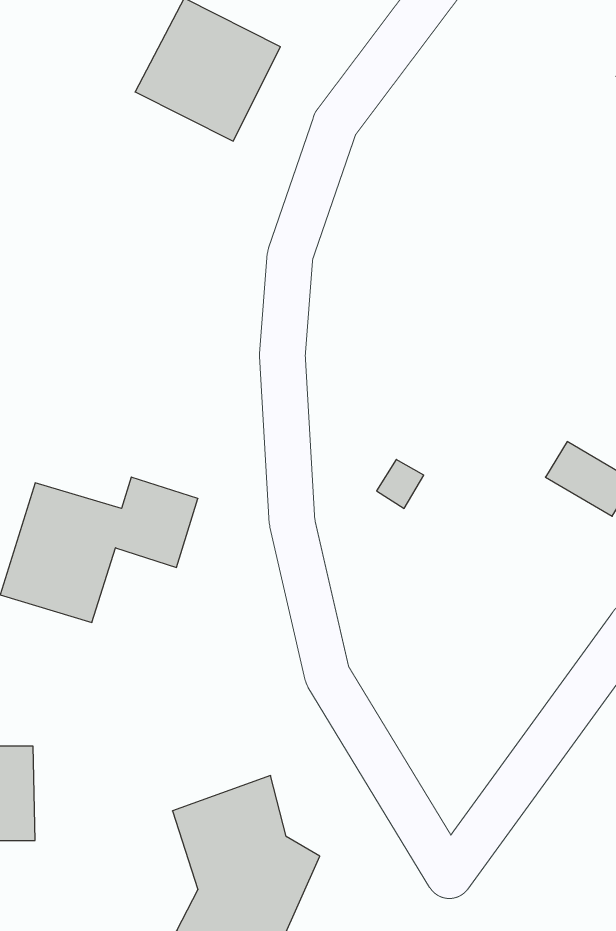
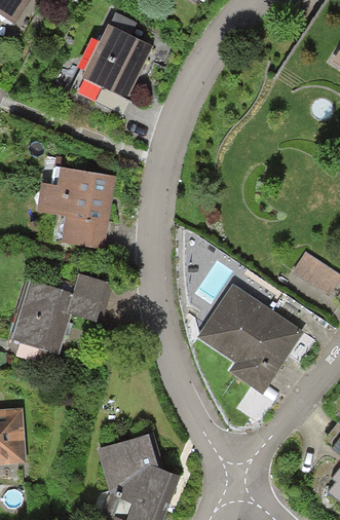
building: none -> [38,165,112,246]
building: none -> [203,297,301,398]

